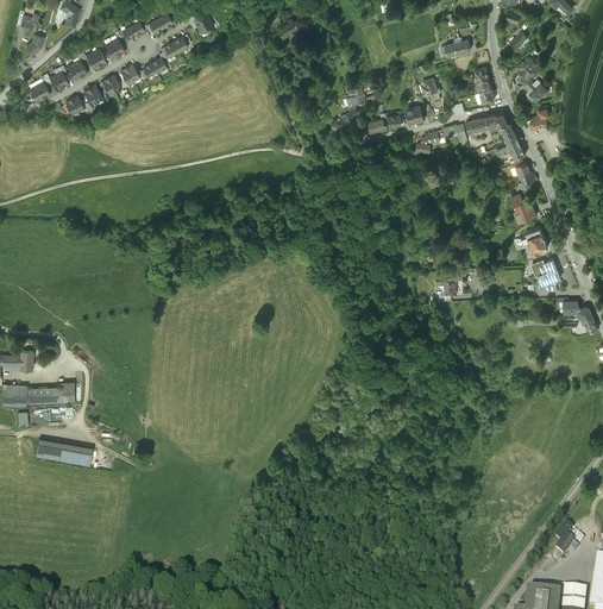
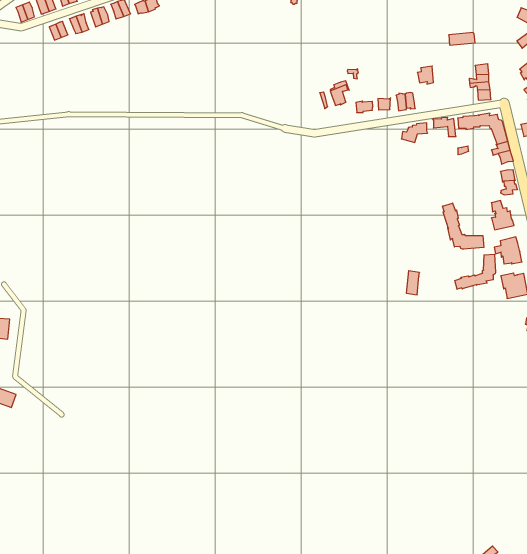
building: none -> [443,203,484,249]
building: none -> [455,254,496,289]

